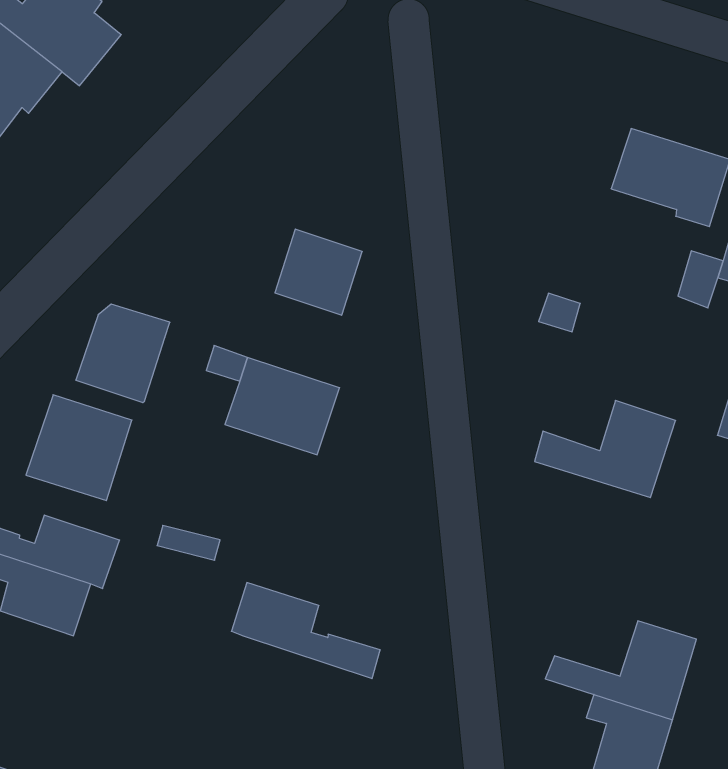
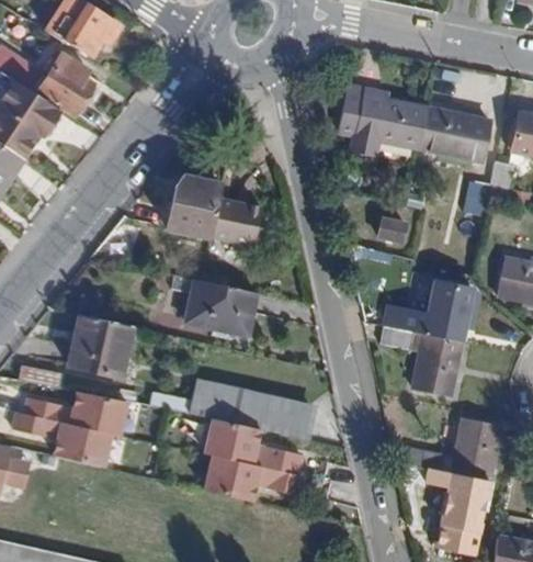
building: none -> [337,87,424,158]
building: [76,304,170,403] -> [165,177,220,237]
building: none -> [382,326,461,395]
building: none -> [192,384,310,441]
building: none -> [204,456,304,501]

